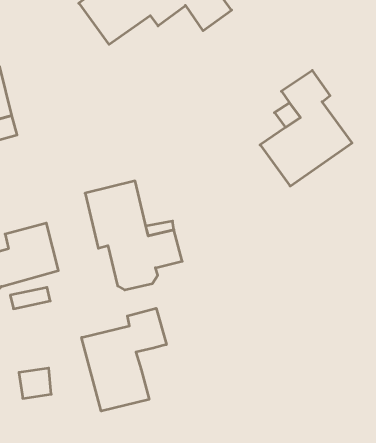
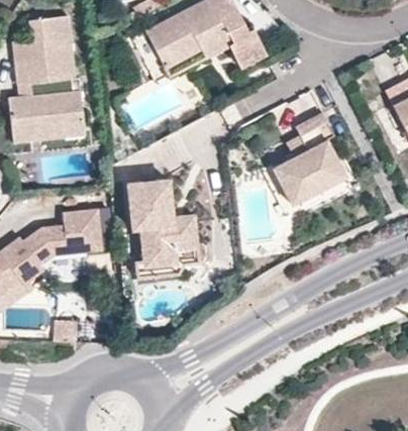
building: [82,308,166,411] -> none

